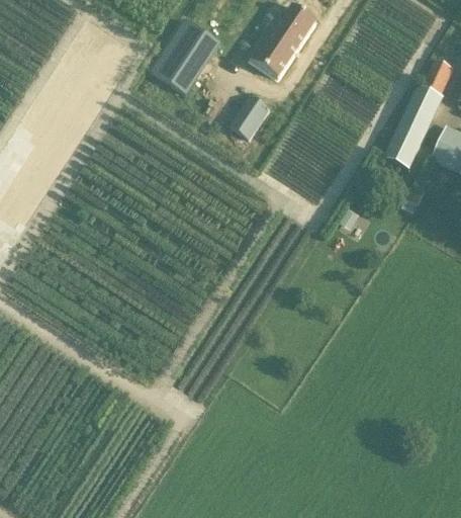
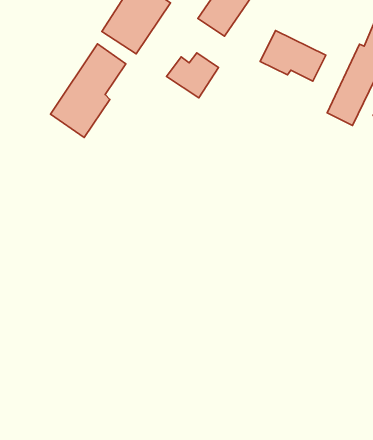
building: none -> [260,31,326,81]
building: none -> [51,44,126,137]

